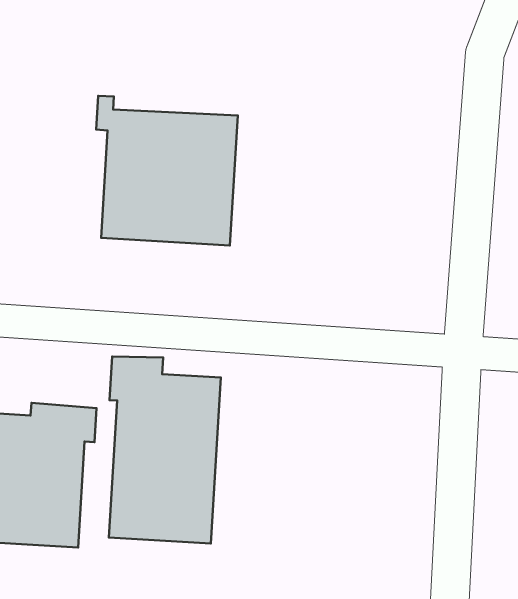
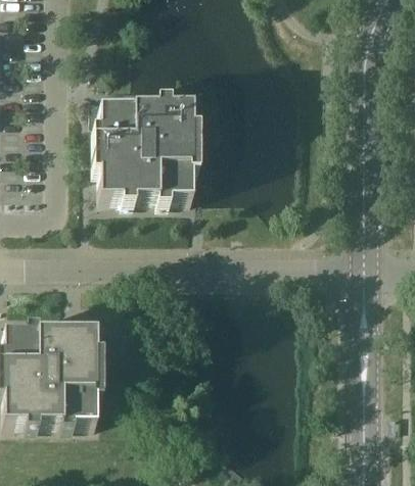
building: [109,356,221,544] -> none

